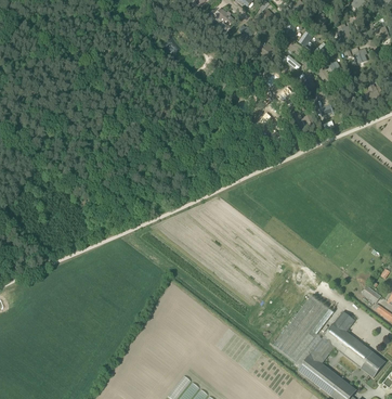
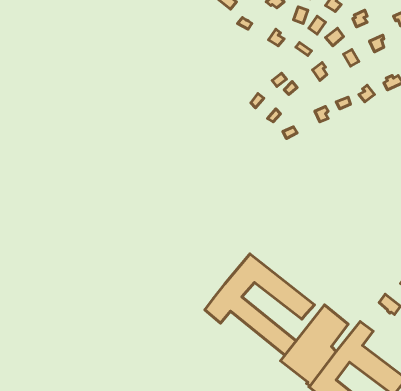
building: none -> [205,254,315,355]

